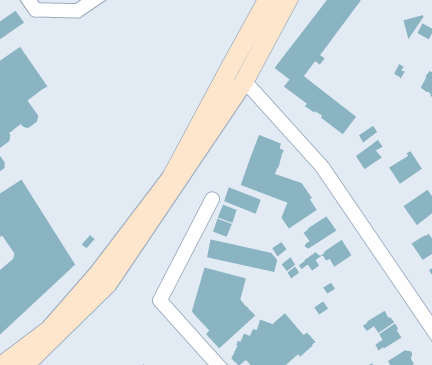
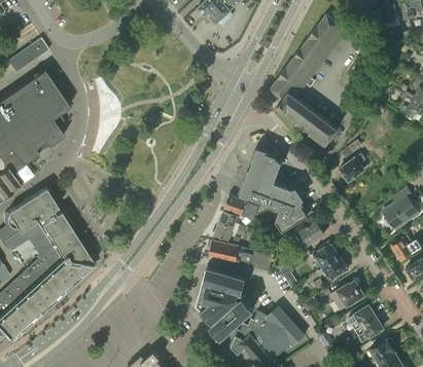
building: [388,150,423,185] -> none
building: none -> [322,256,349,283]
building: none -> [330,281,363,309]

